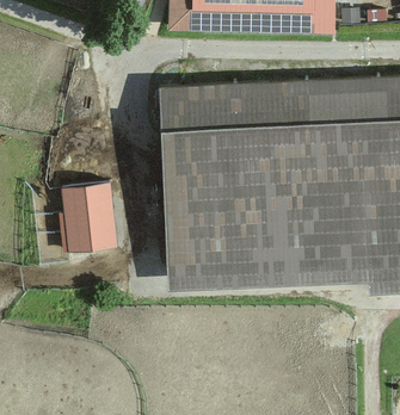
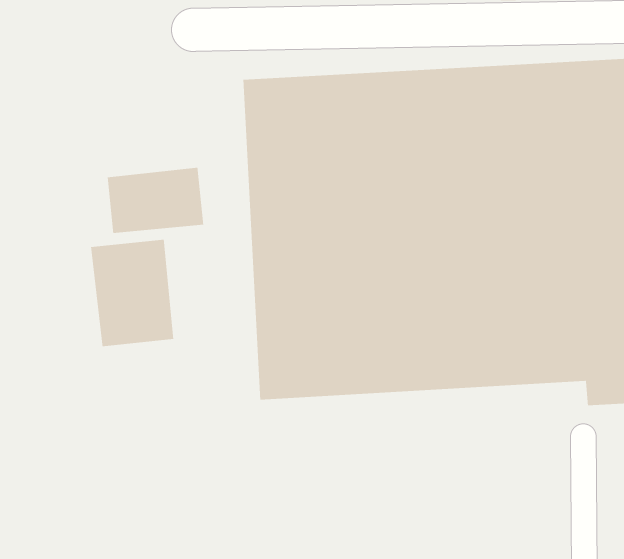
building: none -> [107,167,204,234]

